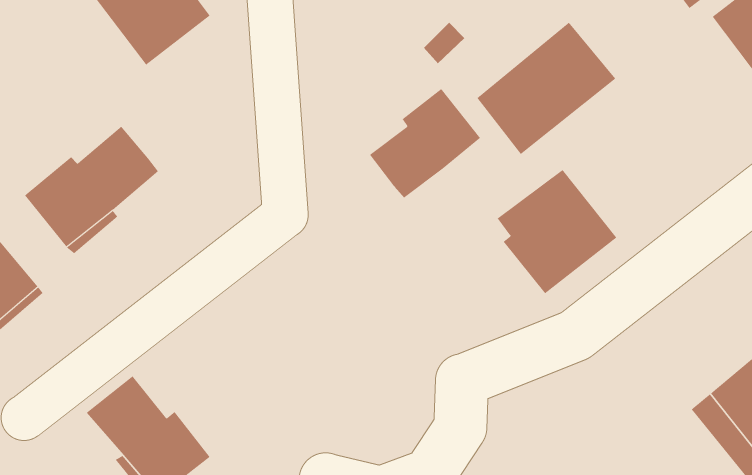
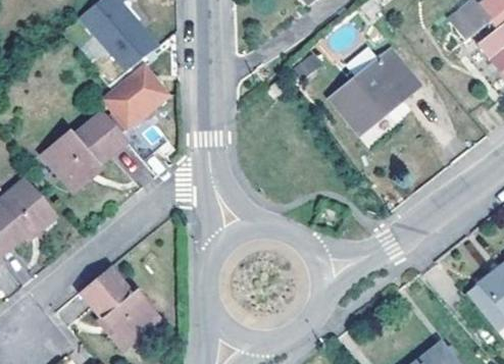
building: none -> [102,64,169,162]
building: [369,88,481,198] -> none
building: [497,169,617,294] -> none

